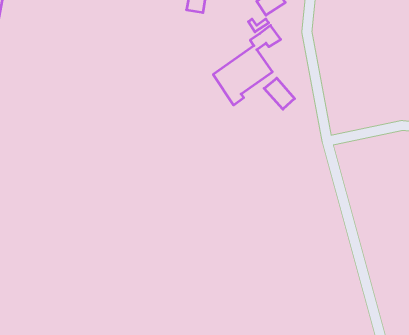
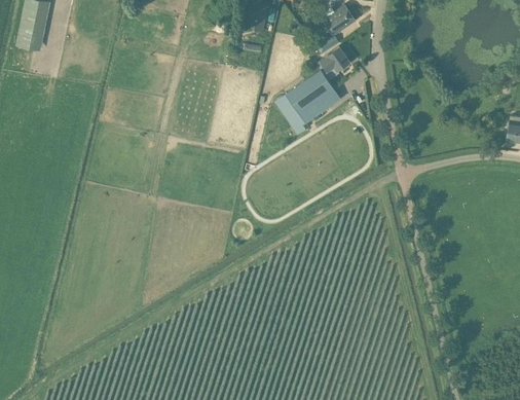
building: [264,78,295,109] -> none

